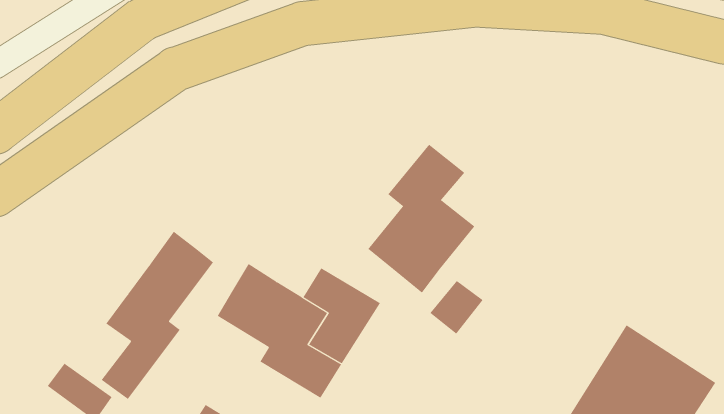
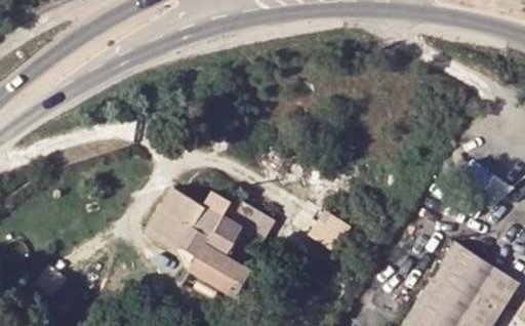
building: [368,144,475,294] -> none
building: [101,231,214,400] -> none

